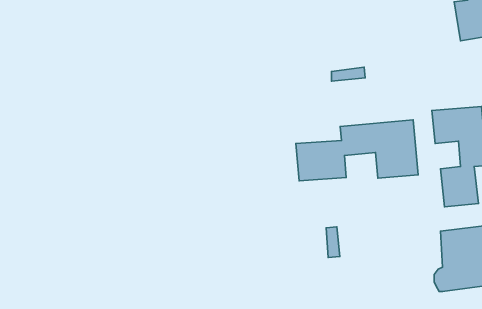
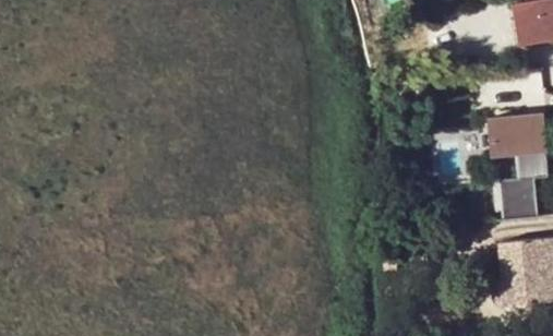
building: [296,120,418,181] -> none

